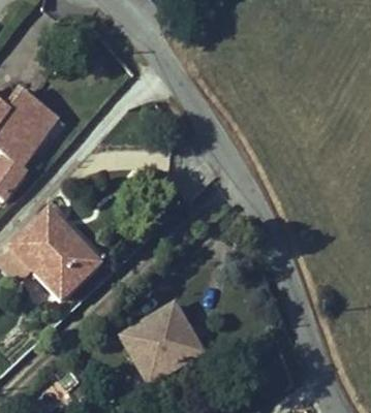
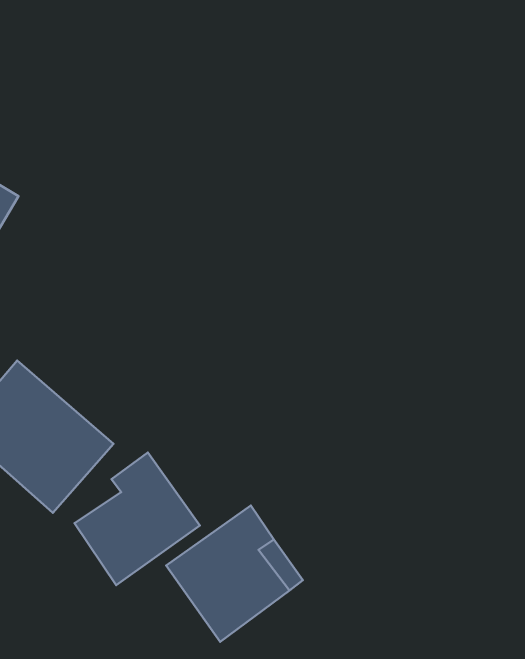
building: none -> [75,452,200,585]

